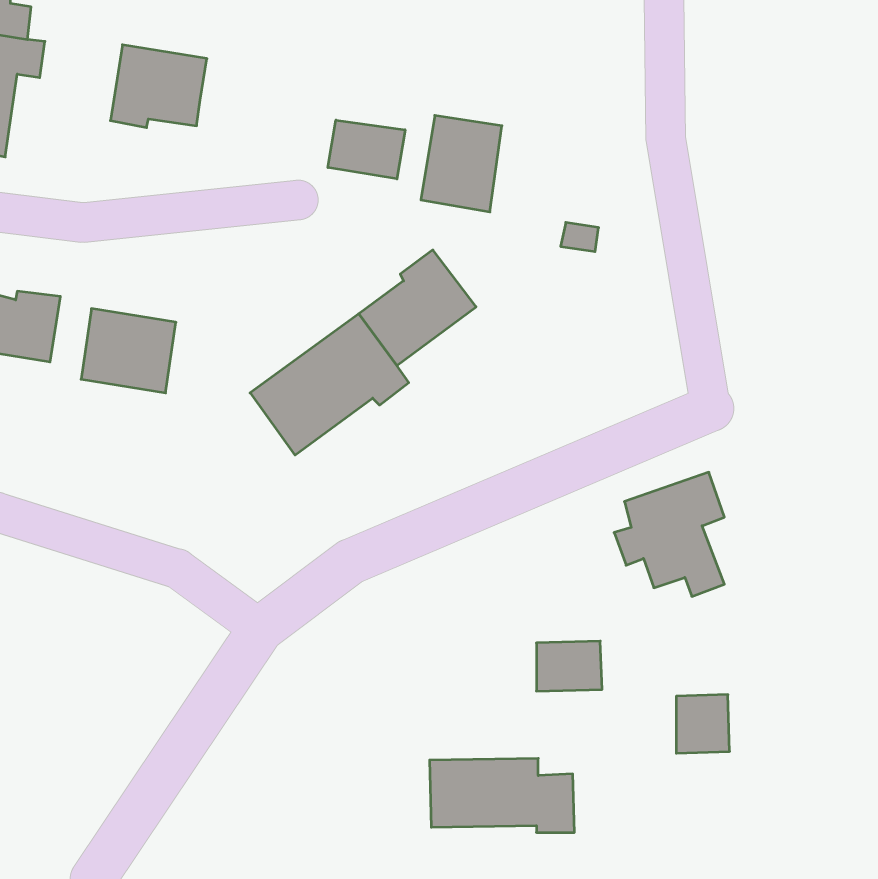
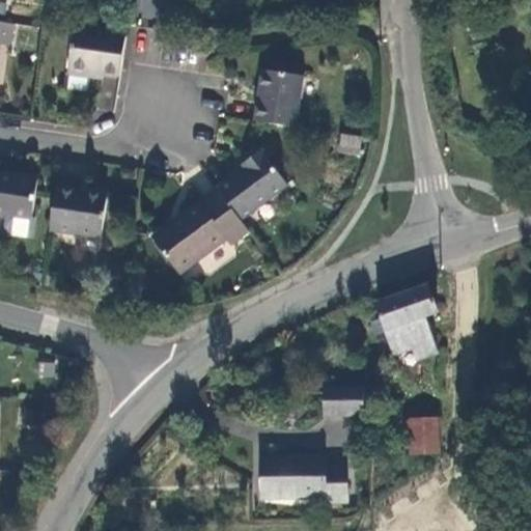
building: [328,120,405,179] -> none

